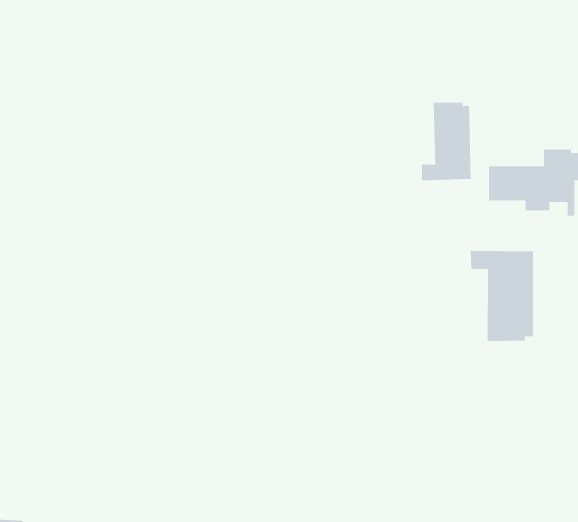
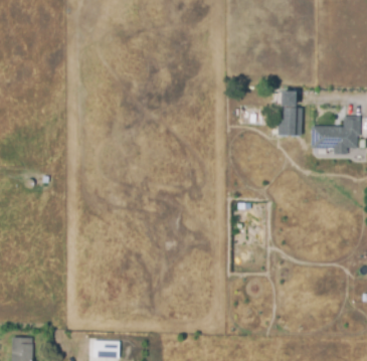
building: [470,250,534,342] -> none

